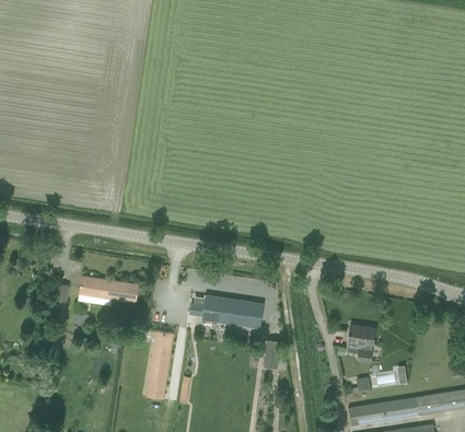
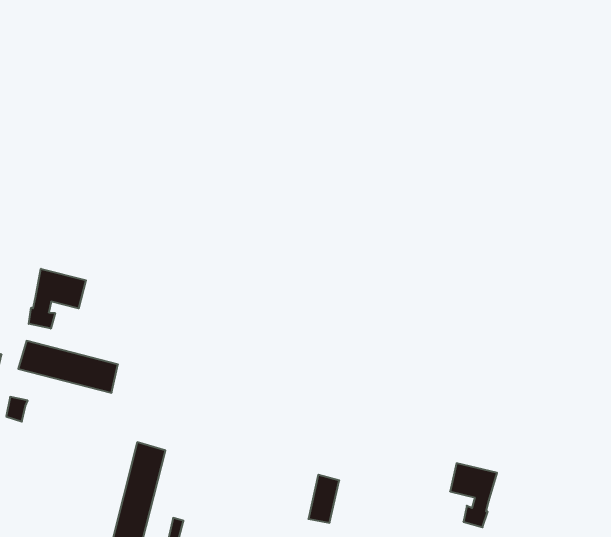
building: none -> [29,269,86,329]
building: [189,294,264,327] -> none

